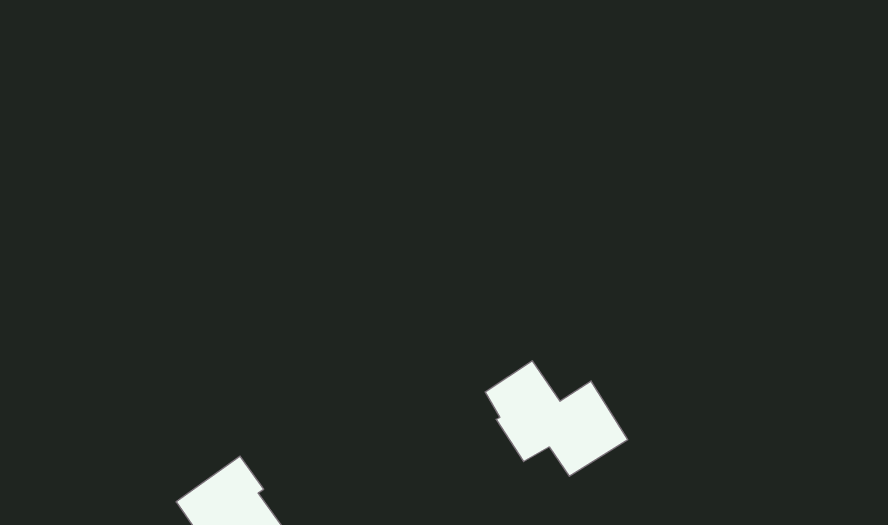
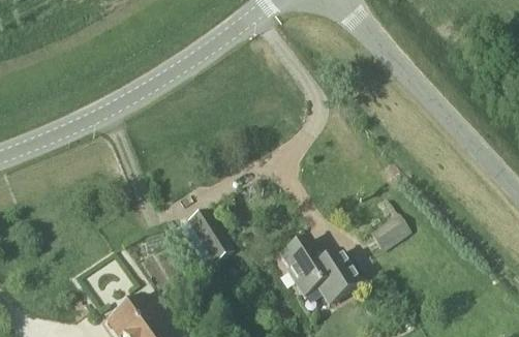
building: none -> [187,209,231,261]
building: none -> [368,213,410,252]

